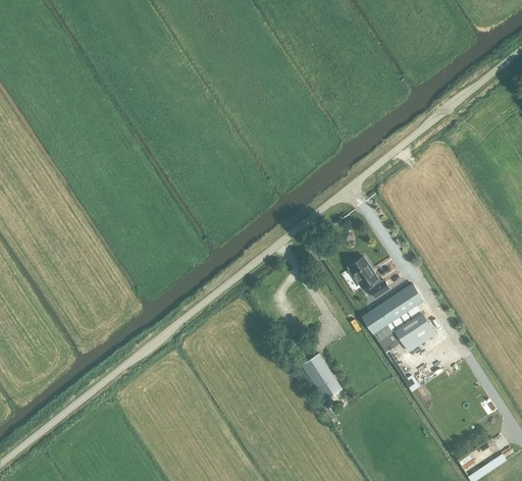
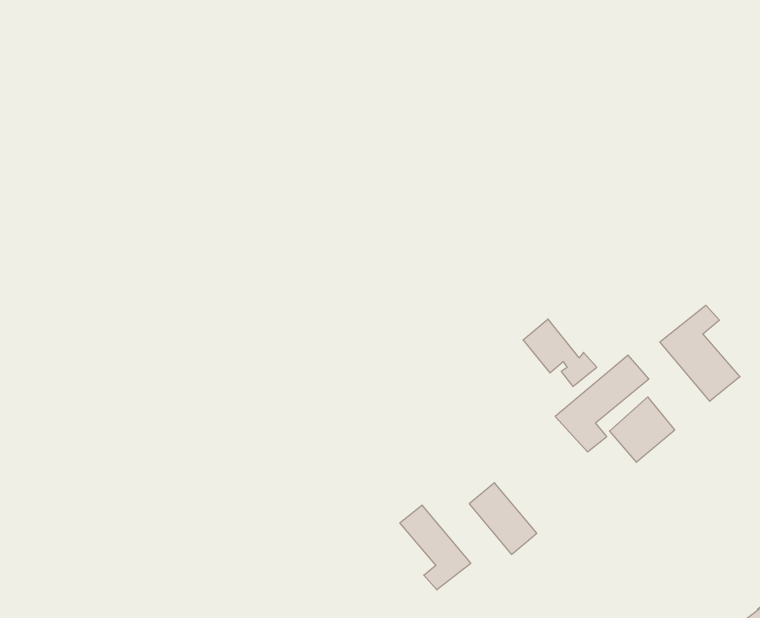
building: none -> [660,305,740,401]
building: none -> [400,505,471,590]

